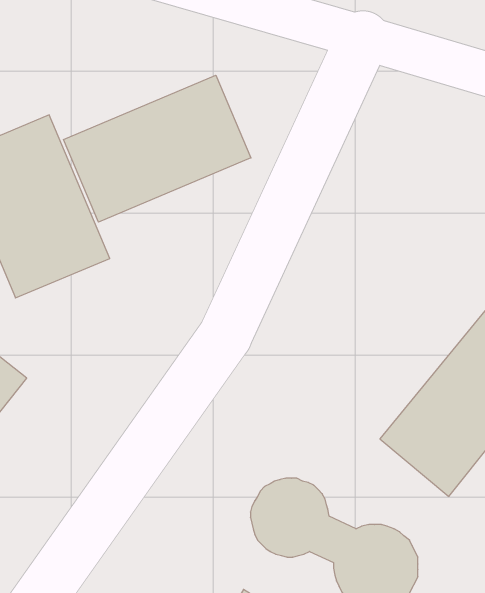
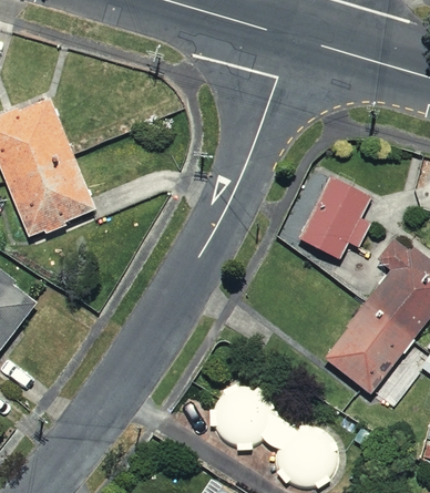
building: [63,75,251,222] -> none
building: none -> [291,172,381,267]

